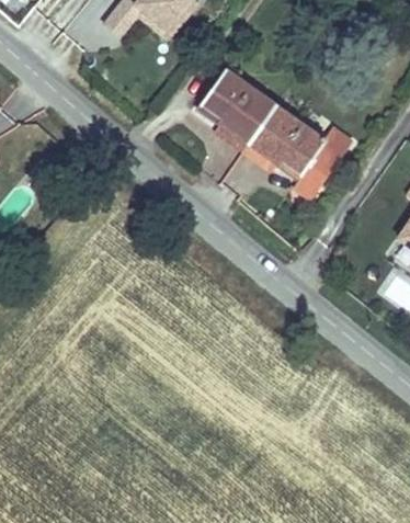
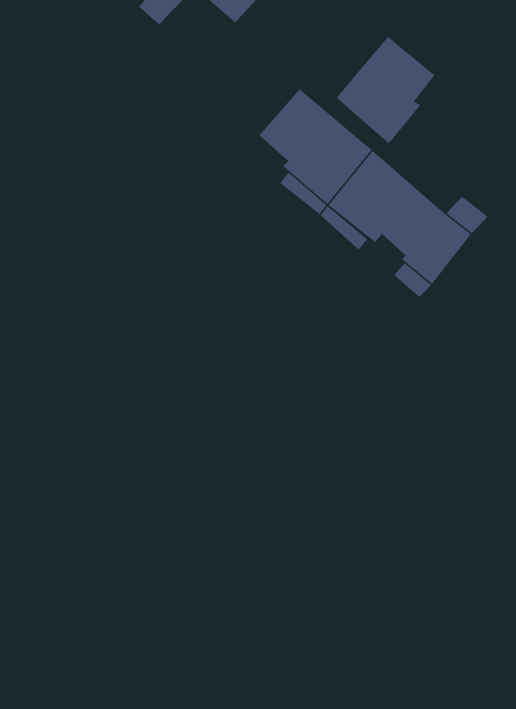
building: none -> [336,36,436,144]

